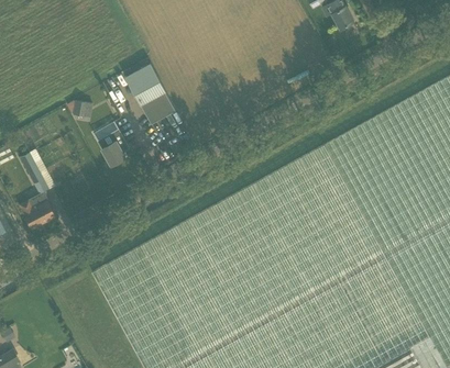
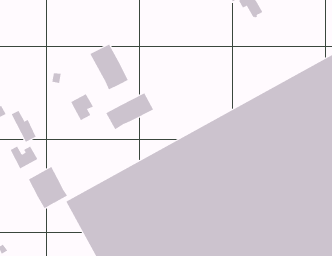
building: none -> [106,93,154,130]
building: none -> [28,166,68,209]

